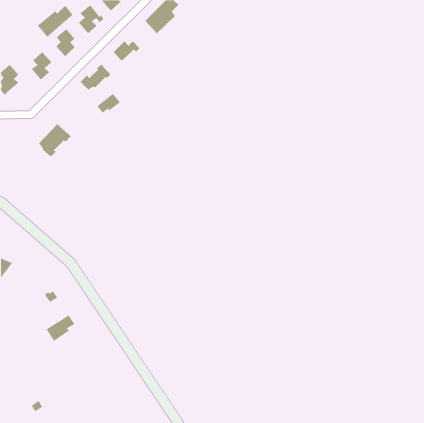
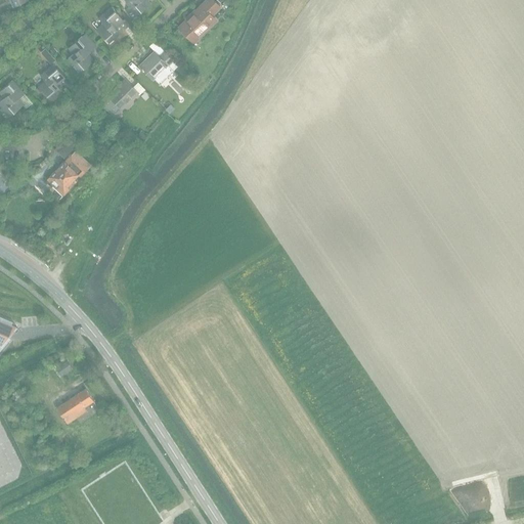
building: [37,5,74,38] -> none
building: [96,93,121,114] -> none

